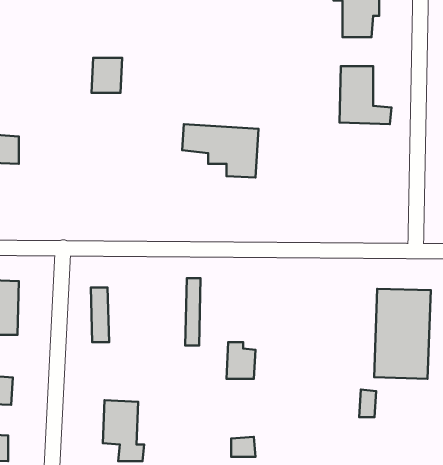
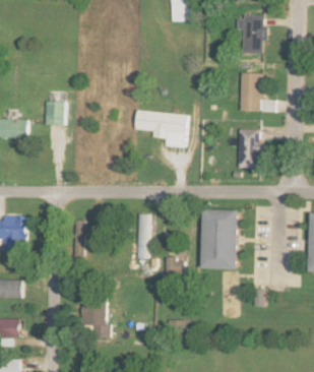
building: [92,58,122,93] -> [44,101,64,124]
building: none -> [238,128,260,168]
building: [374,289,431,379] -> [203,209,241,269]

